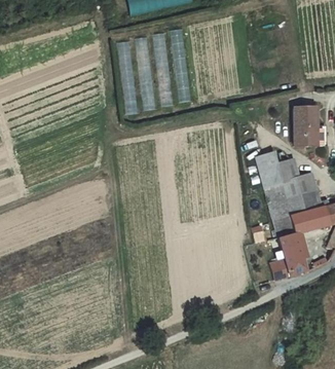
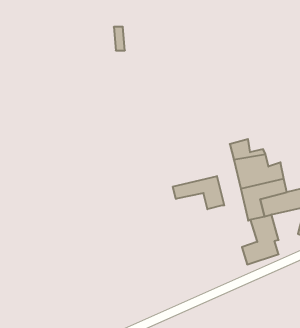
building: [292,108,315,147] -> none
building: none -> [173,176,224,209]

